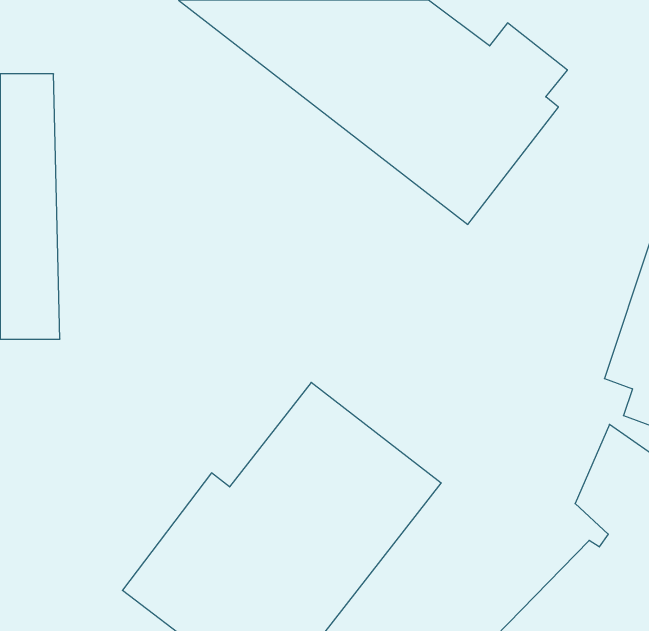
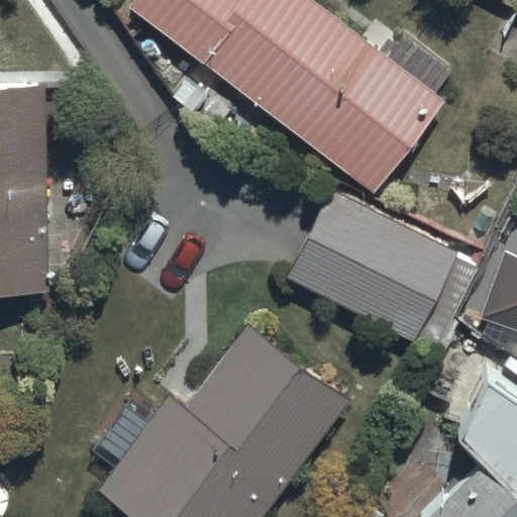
building: none -> [285,184,455,337]

